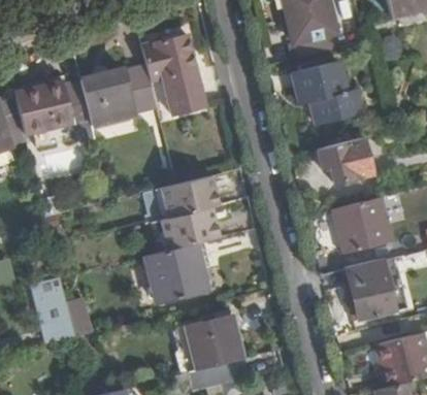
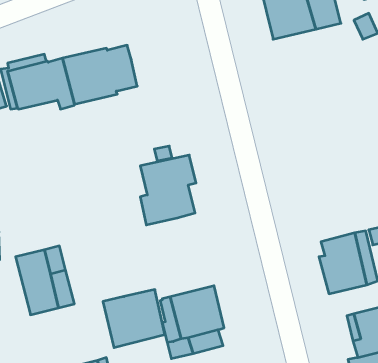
building: [142,35,205,113] -> none
building: [292,62,362,125] -> none
building: [316,136,372,183] -> none
building: [331,197,392,254] -> none
building: [144,243,208,303] -> [103,290,165,348]

